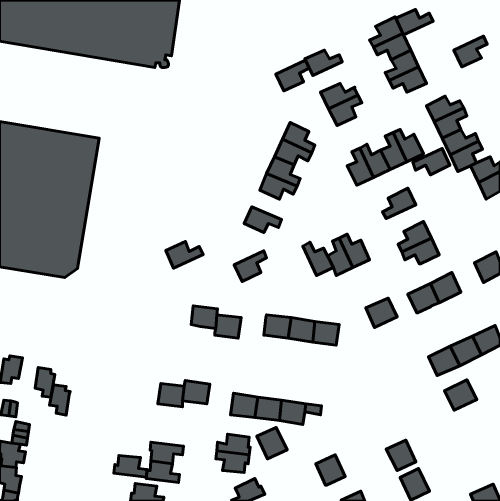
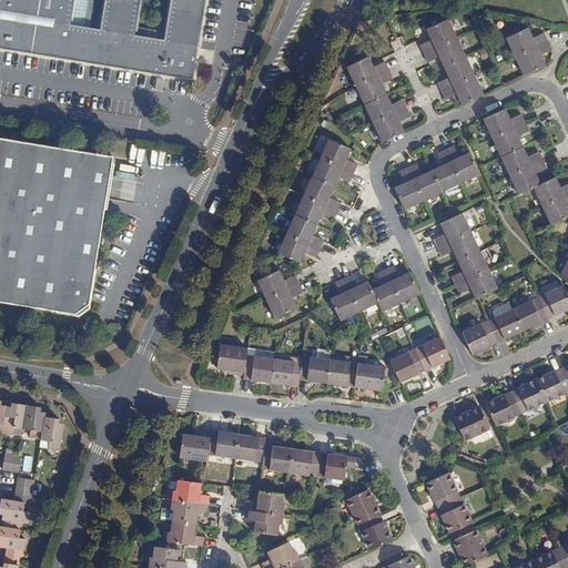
building: [396,9,433,35] -> [505,28,547,57]
building: [276,60,309,91] -> [354,70,392,104]
building: [413,148,450,175] -> [437,232,479,262]
building: none -> [285,215,323,248]
building: [166,242,203,268] -> [256,270,298,300]
building: none -> [329,278,358,321]
building: none -> [511,297,547,331]
building: none -> [388,348,424,383]
building: none -> [270,356,301,386]
building: [444,380,477,410] -> [453,406,489,440]
building: none -> [234,435,265,462]
building: [49,385,70,415] -> [21,405,44,439]
building: none -> [425,473,459,508]
building: [257,427,287,459] -> [345,489,379,525]
building: [114,456,147,477] -> [171,480,209,505]

